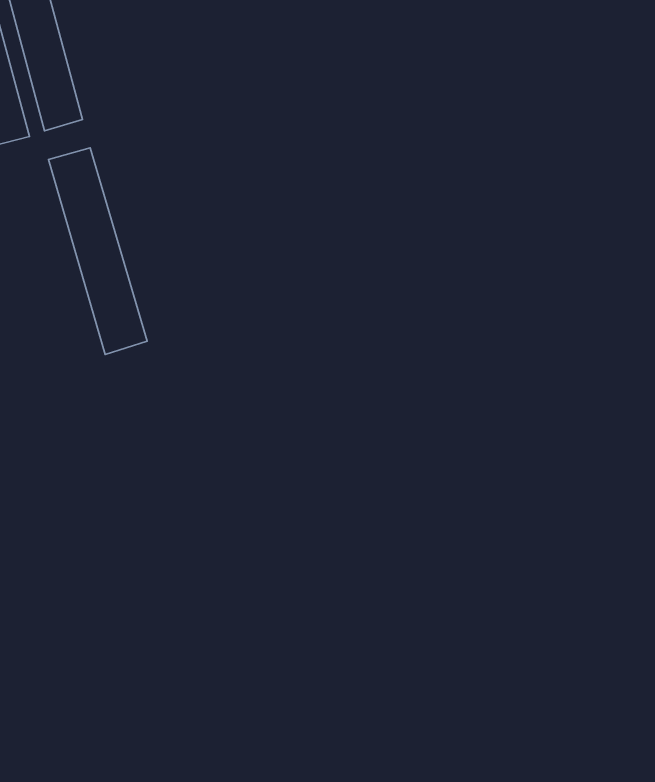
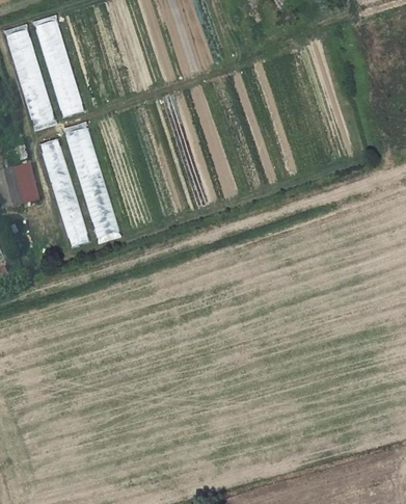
building: none -> [44,138,87,248]

